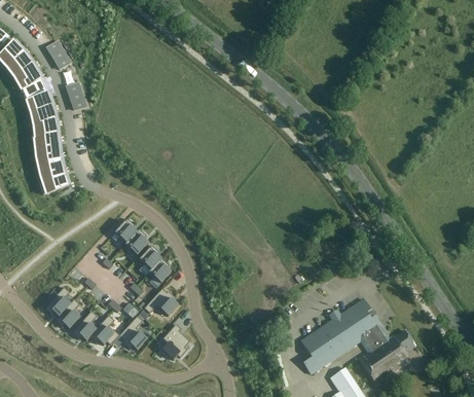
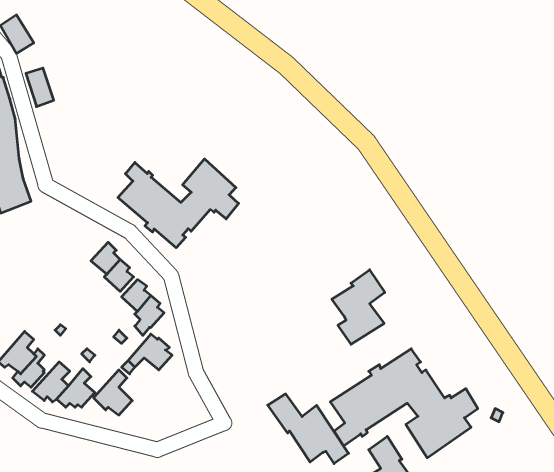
building: none -> [118,159,239,248]
building: none -> [332,270,385,344]
building: [161,324,190,360] -> none
building: none -> [268,394,349,464]

